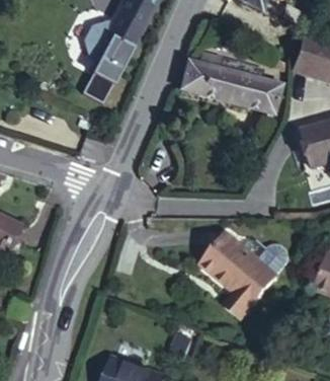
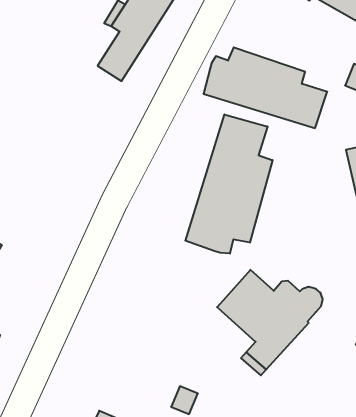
building: none -> [185,114,273,254]

